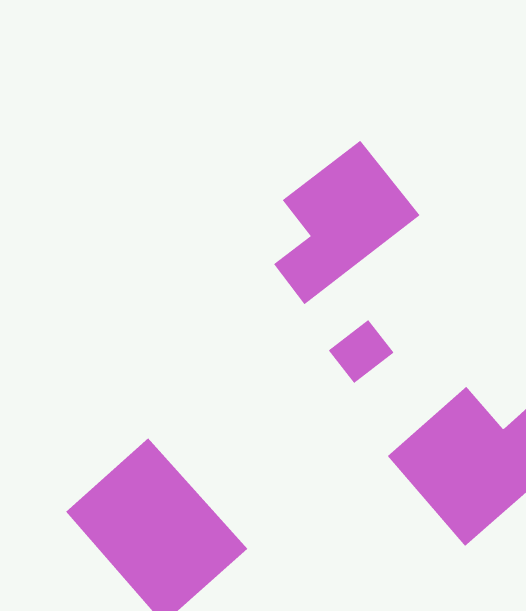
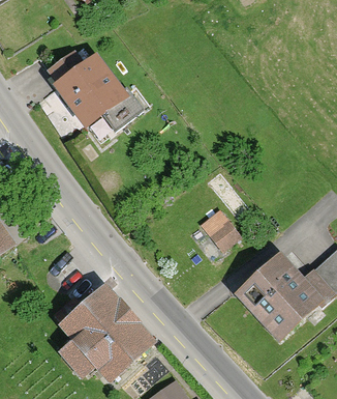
building: none -> [42,48,131,130]
building: [273,140,420,305] -> none

